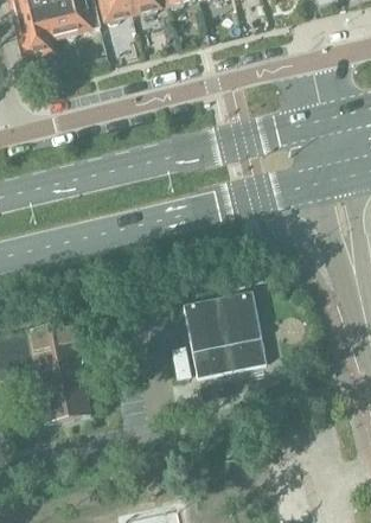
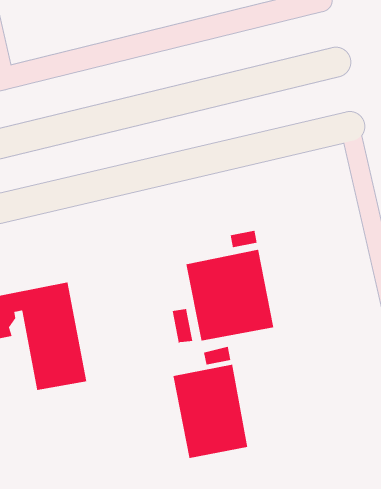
building: none -> [173,364,248,459]

